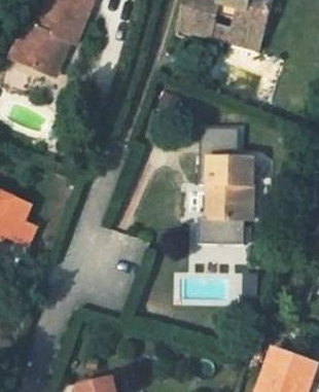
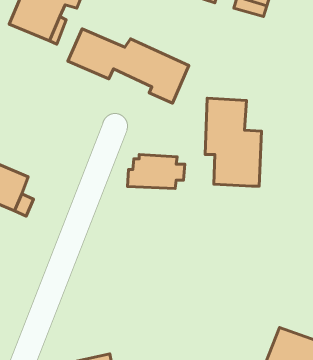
building: none -> [68,29,189,103]
building: [199,212,254,245] -> [127,155,185,189]

